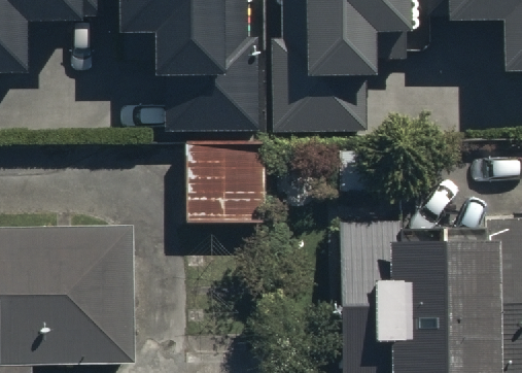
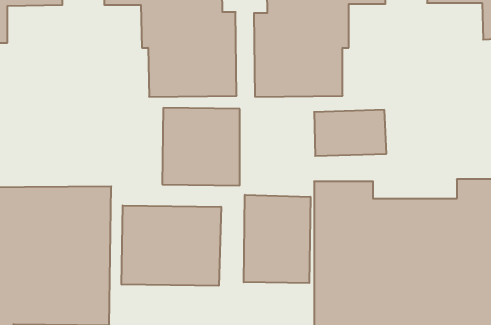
building: none -> [244,195,310,283]
building: none -> [122,205,221,286]

